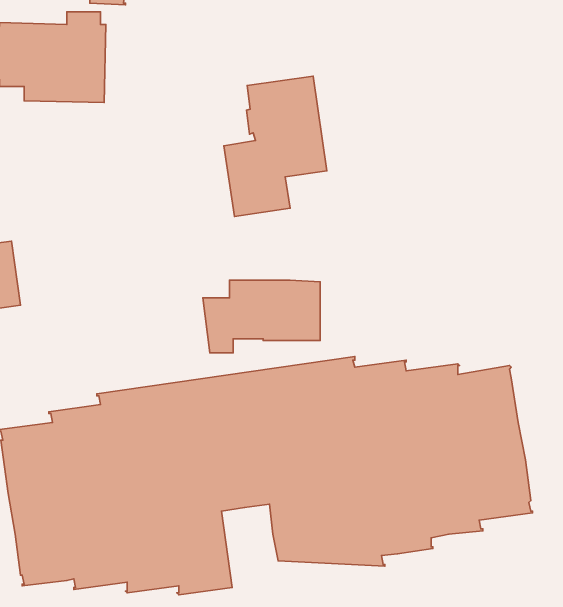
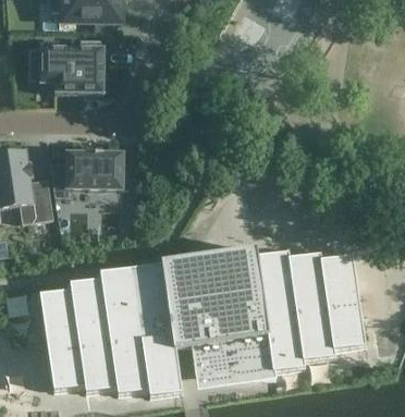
building: [224,76,327,217] -> none
building: [203,280,320,353] -> [50,152,122,197]

